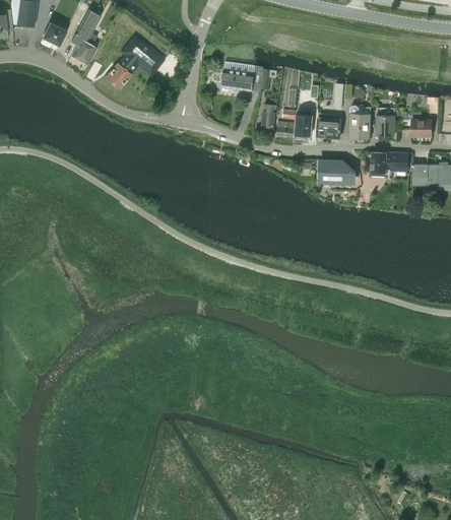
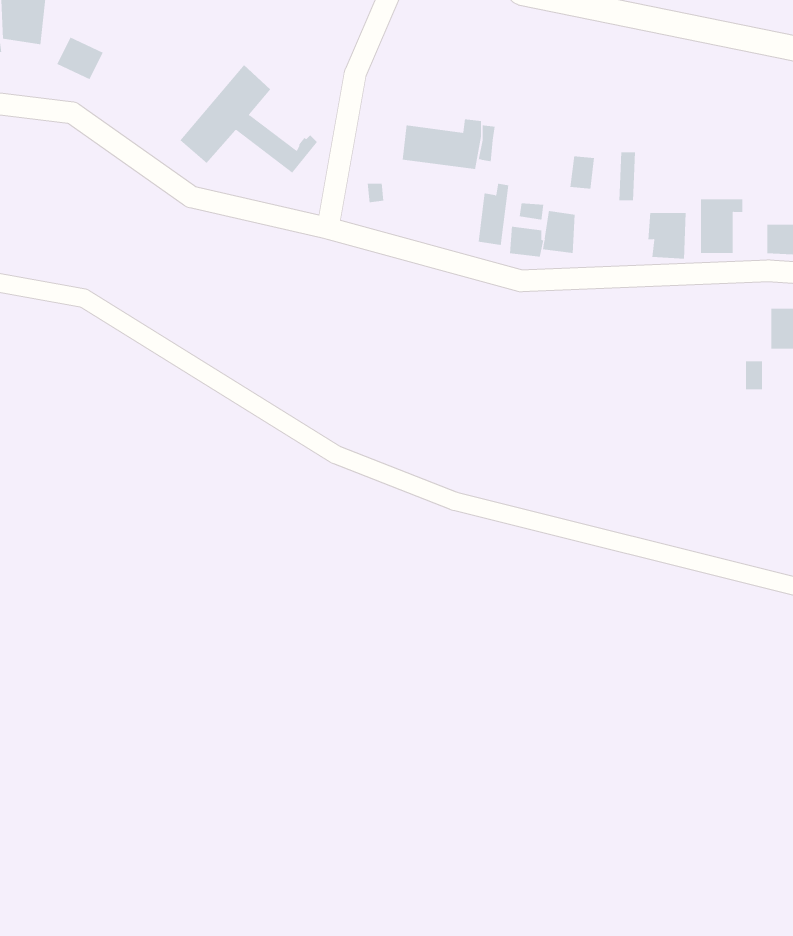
building: [71,10,101,65] -> none
building: [318,119,341,138] -> none
building: [372,152,412,178] -> none
building: [320,160,353,183] -> none

